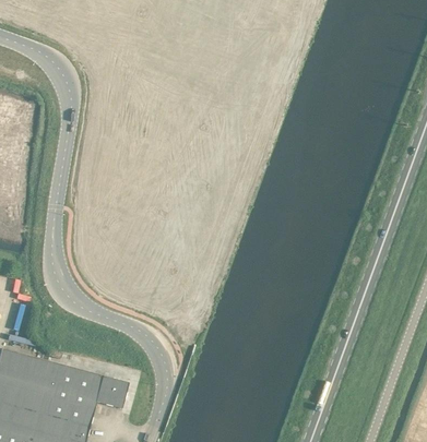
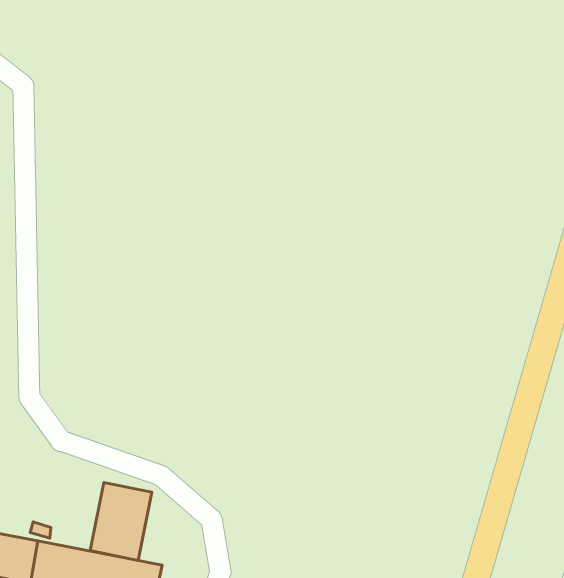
building: none -> [90,482,152,561]

